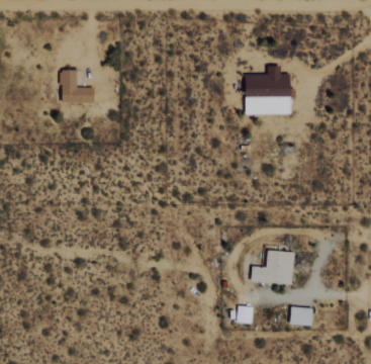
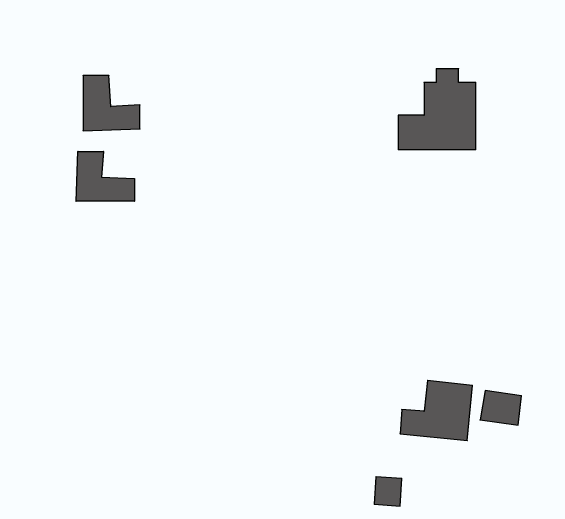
building: none -> [76,151,134,201]
building: [286,306,310,327] -> [480,391,521,425]

